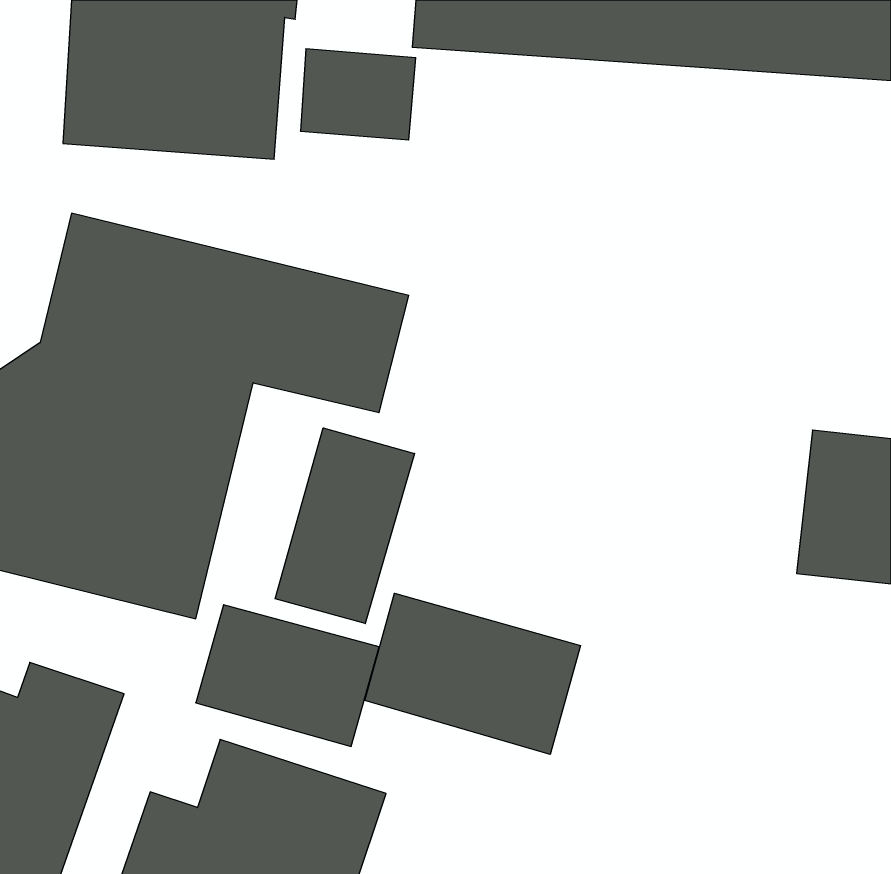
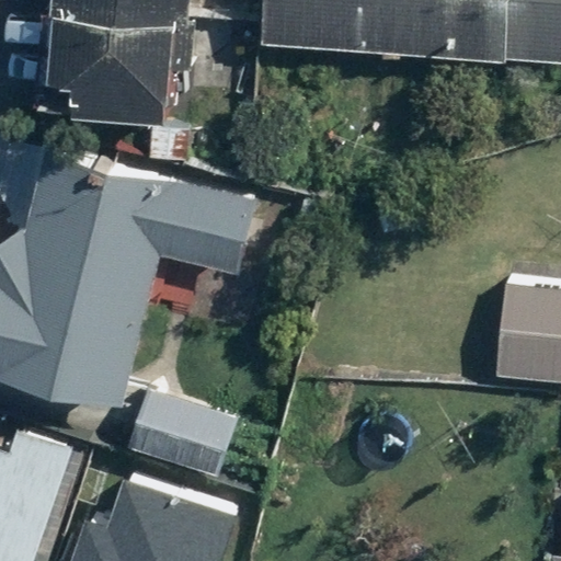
building: [275,428,415,624] -> none
building: [365,593,581,754] -> none

